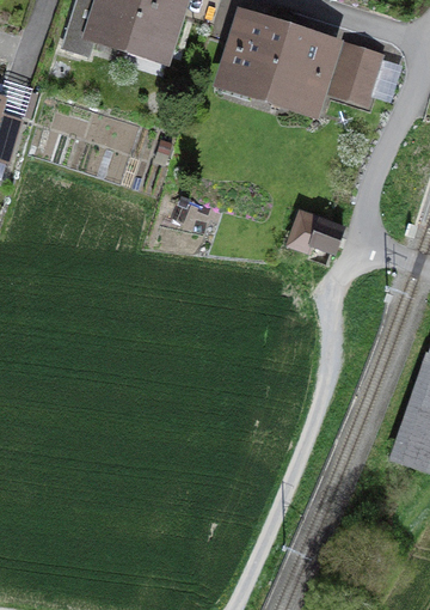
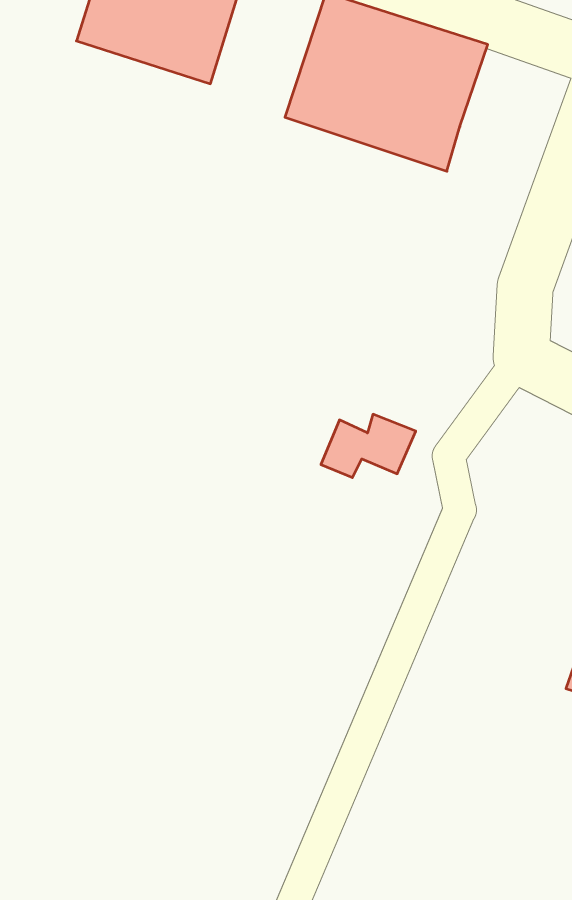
building: [326,39,380,104] -> none
building: [285,215,346,256] -> [321,414,416,478]

